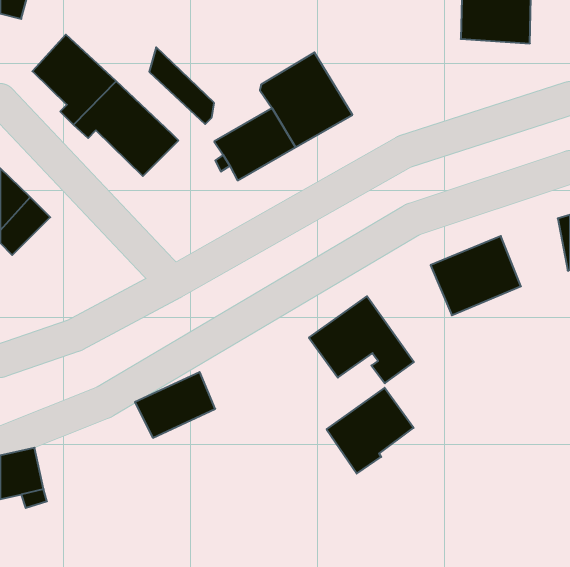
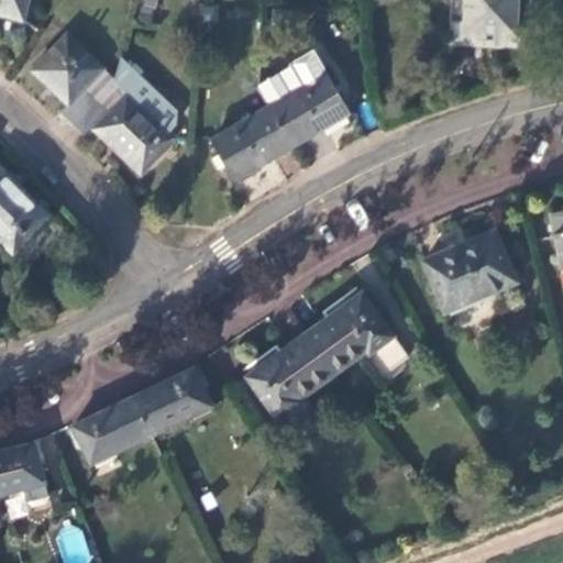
building: [149,47,214,124] -> [114,56,178,132]
building: [327,388,414,474] -> [247,333,333,418]
building: none -> [73,397,151,461]

